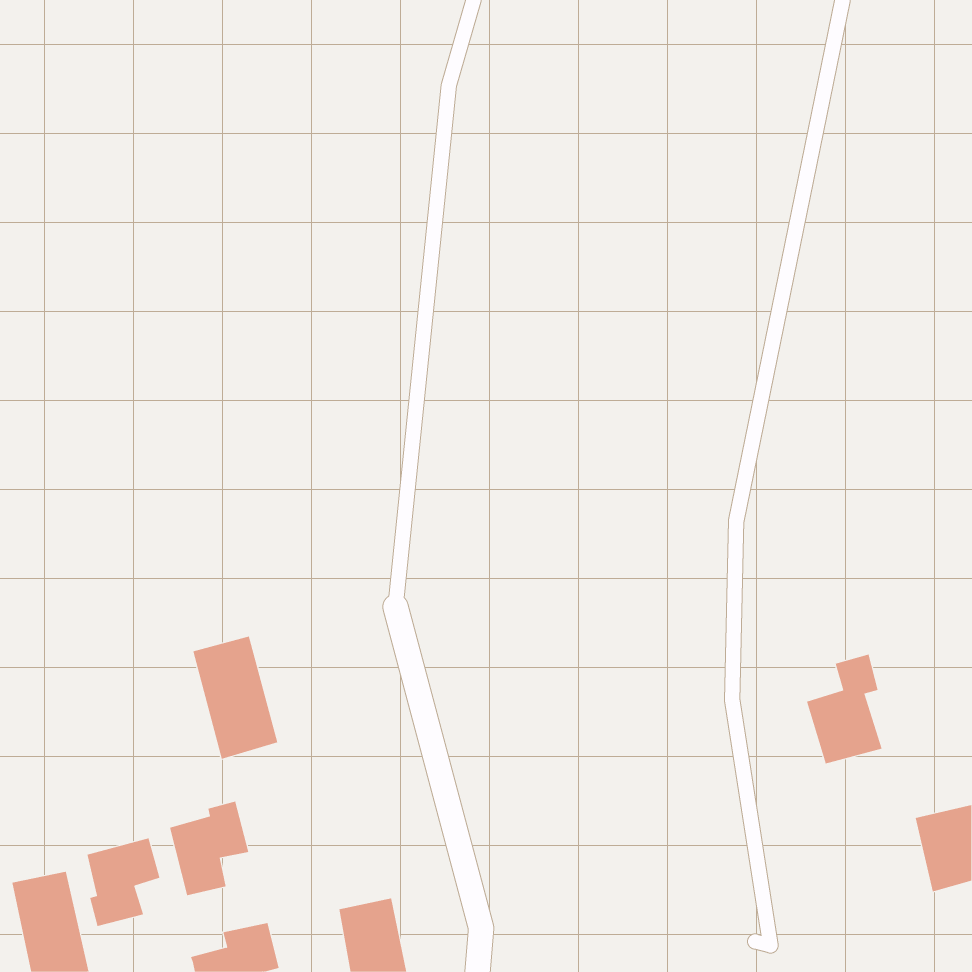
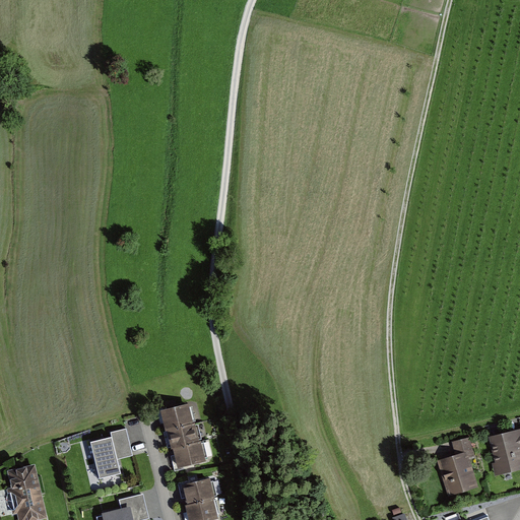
building: [193,636,278,760] -> [159,403,205,469]
building: [806,654,882,764] -> [438,438,478,497]
building: [87,837,160,927] -> none

